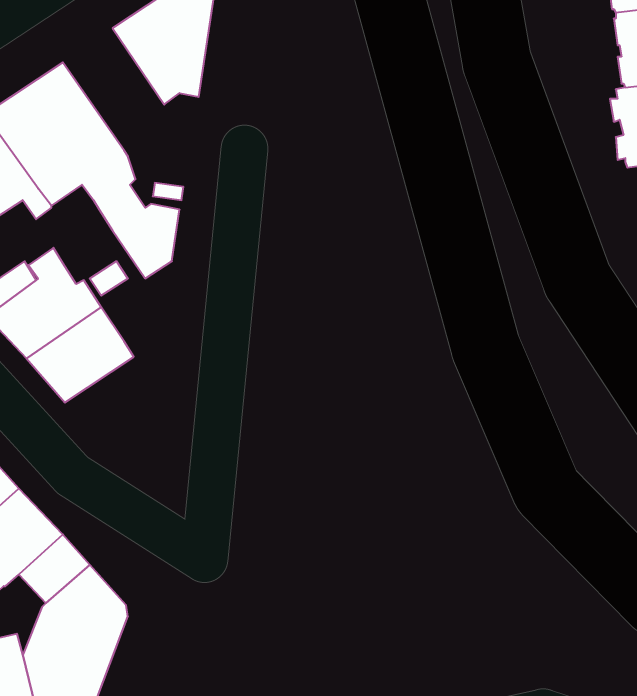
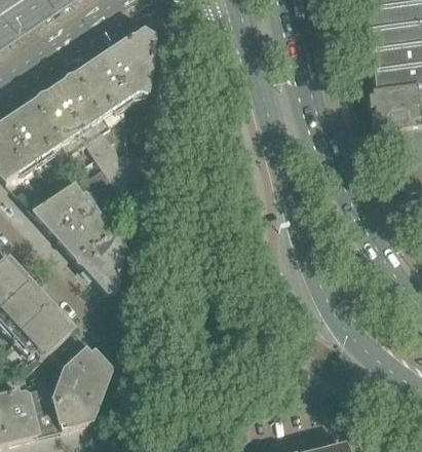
building: none -> [75,55,129,121]
building: none -> [76,232,125,290]

